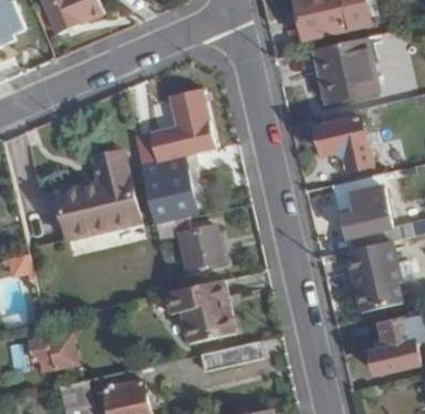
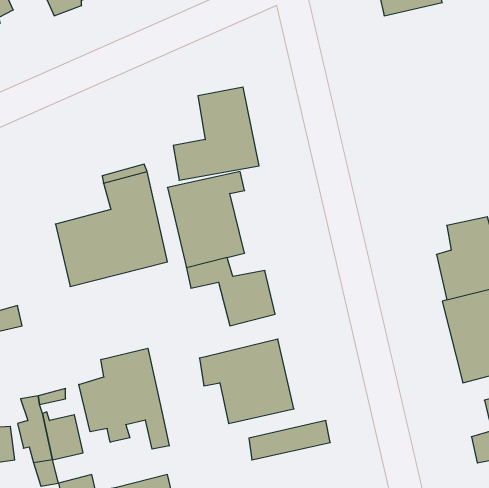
building: [315,36,375,99] -> none
building: [317,108,373,169] -> none
building: none -> [79,348,169,449]

